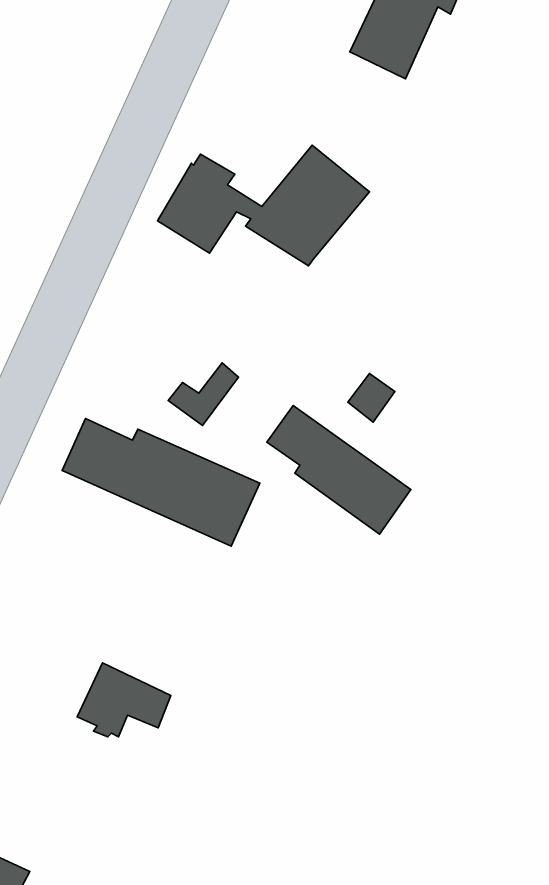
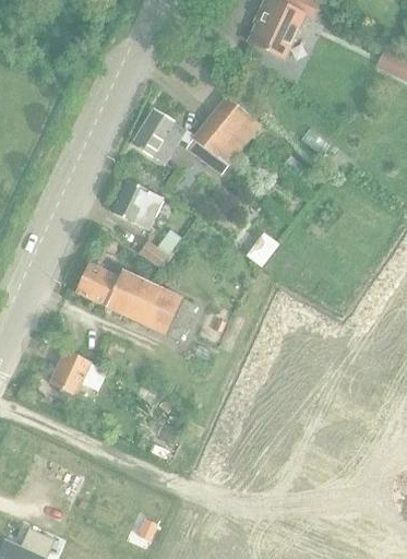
building: none -> [112,180,163,229]
building: [267,406,411,534] -> none
building: [77,663,171,737] -> [49,348,106,393]

